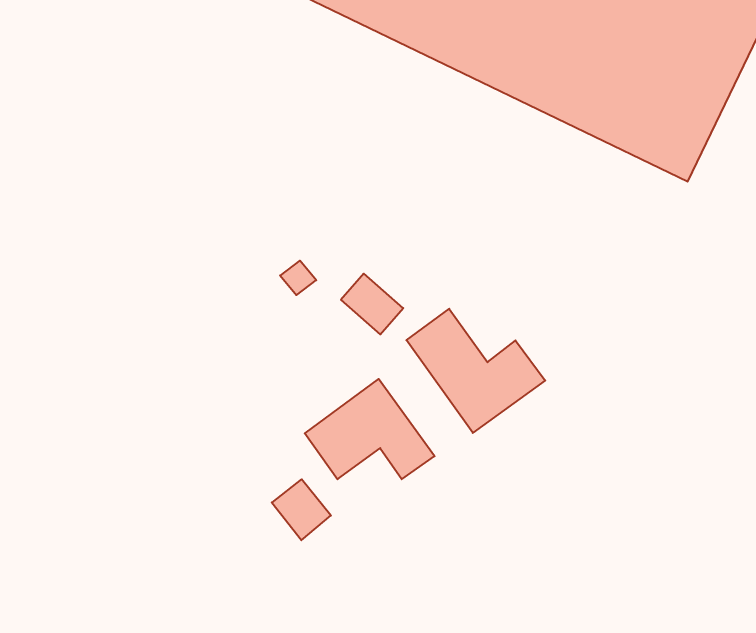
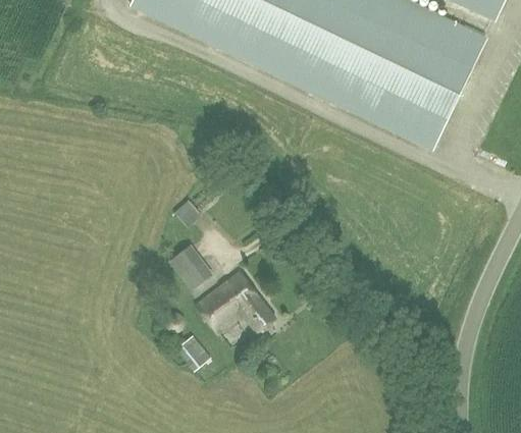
building: [341,274,403,334] -> [173,238,212,276]
building: [406,309,545,433] -> none

